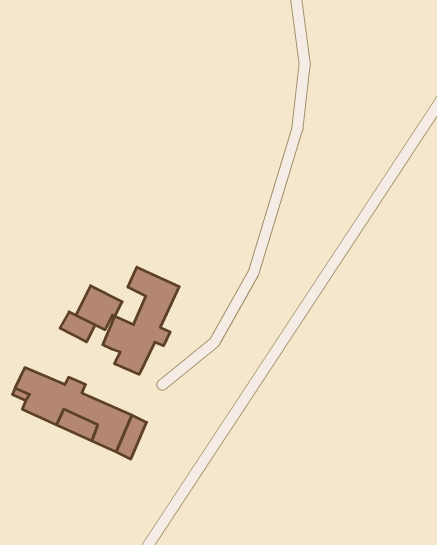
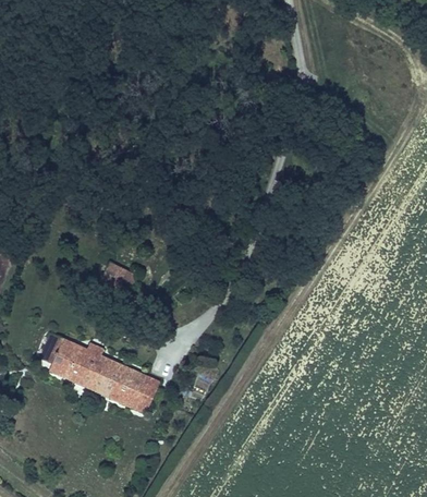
building: [103,267,179,374] -> none
building: [60,312,95,342] -> none

